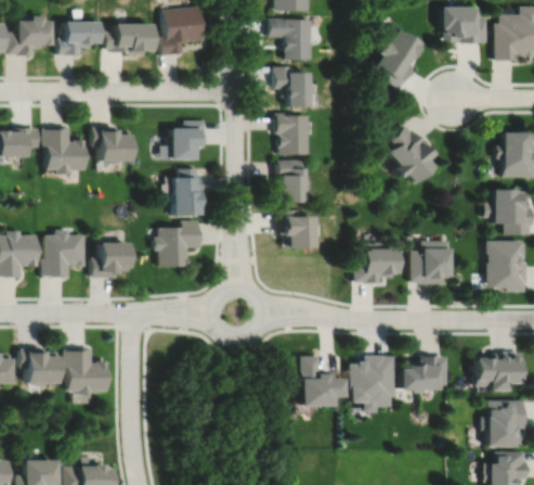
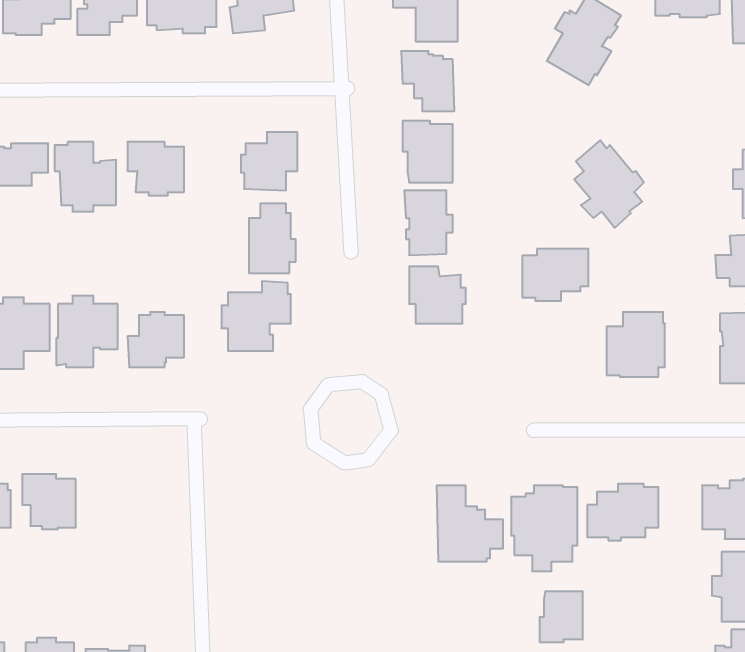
building: [355,250,400,284] -> [522,249,589,301]
building: [64,349,107,395] -> none
building: none -> [540,591,583,642]

